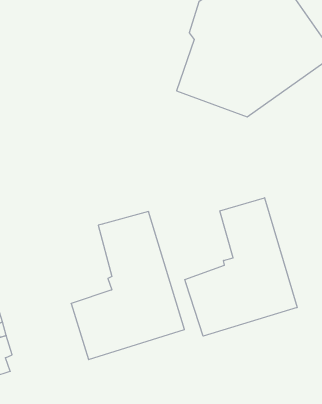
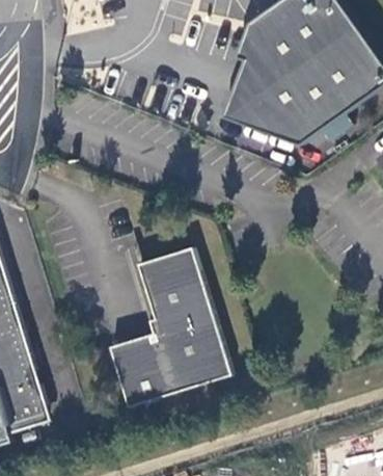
building: [185,198,297,336] -> none

